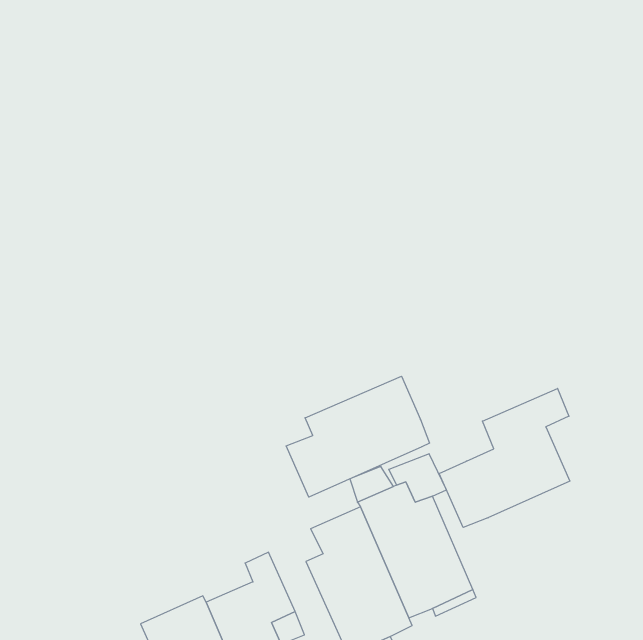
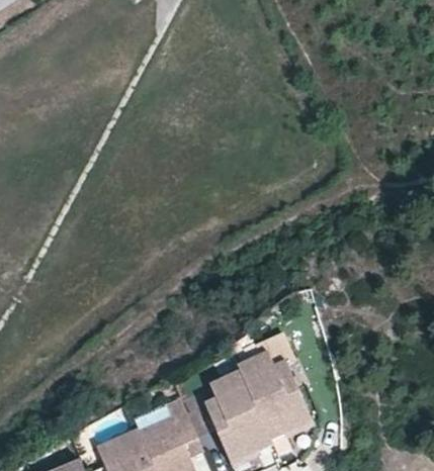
building: [286,376,429,497] -> none
building: [439,388,570,527] -> none

